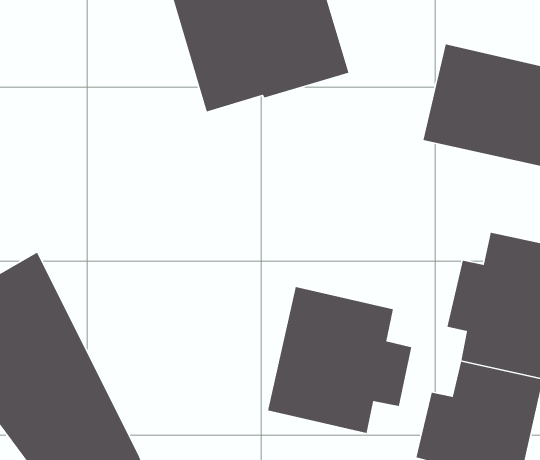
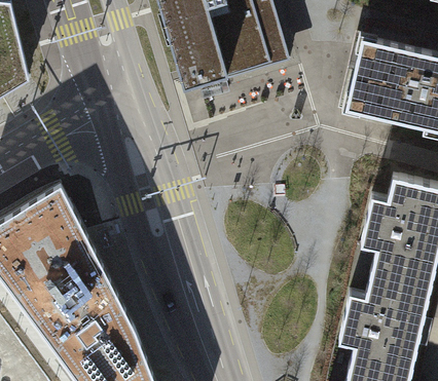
building: [267,286,412,434] -> none

